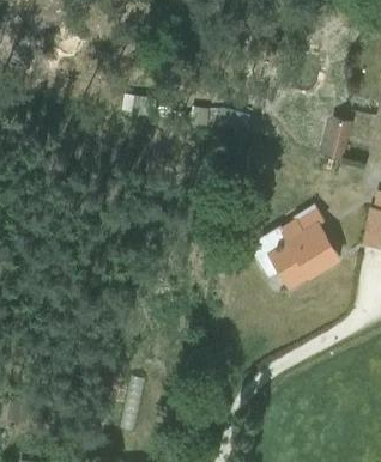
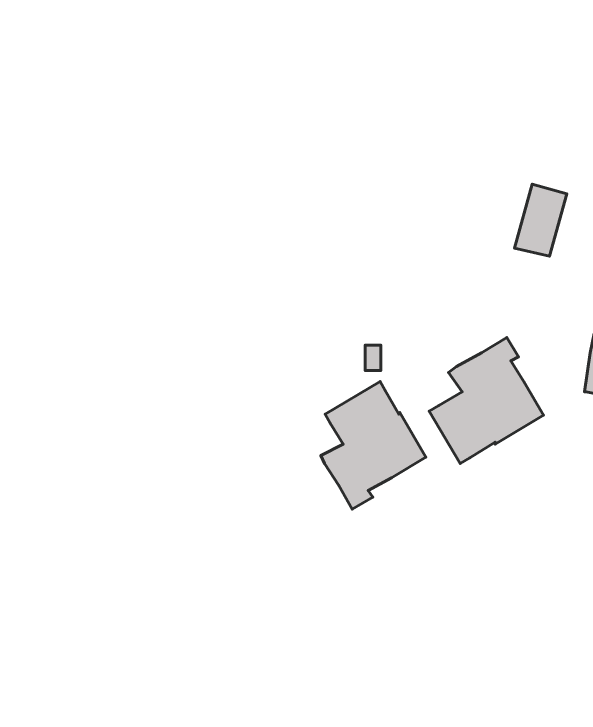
building: none -> [321,381,426,509]

